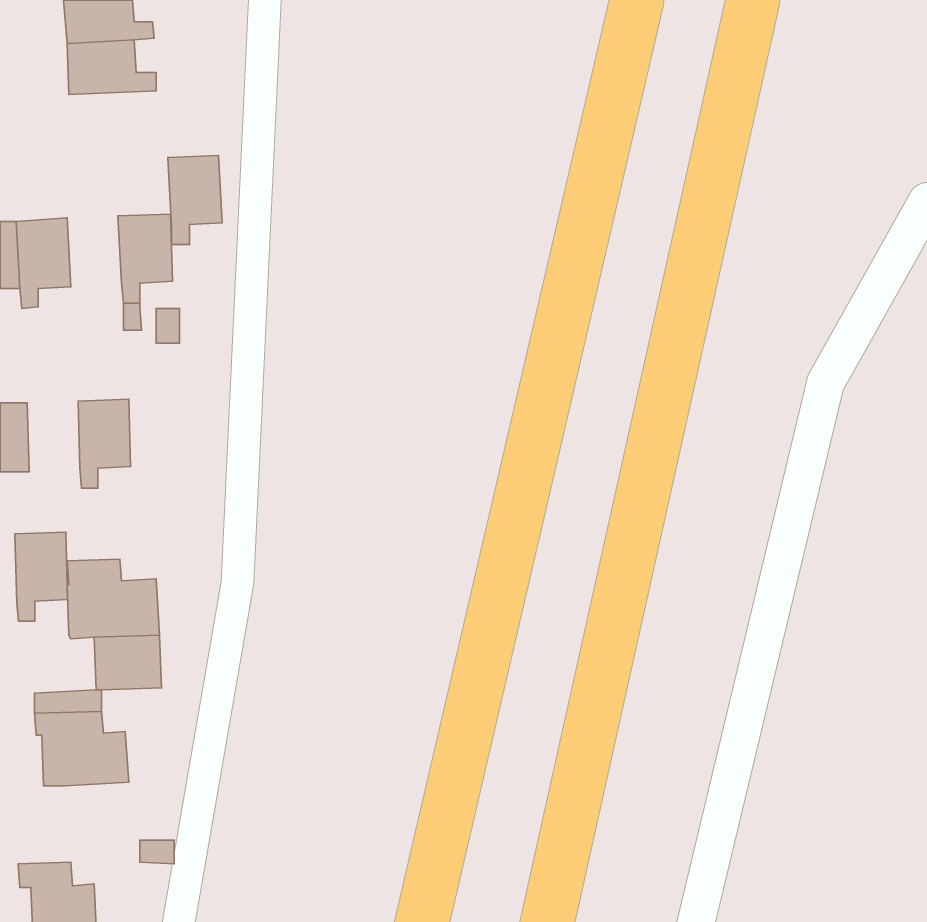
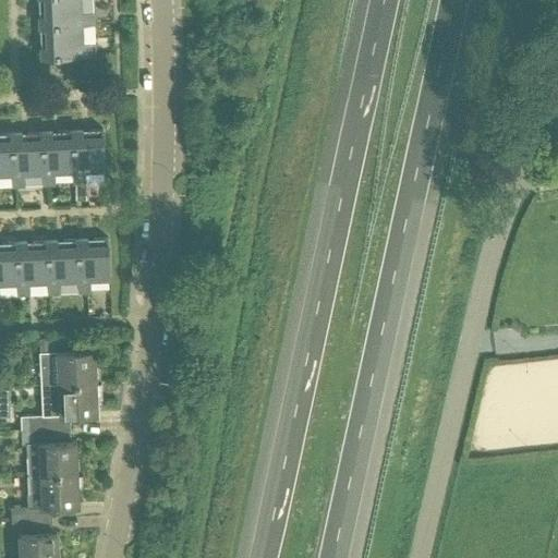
building: [168,156,222,245] -> [40,133,73,186]
building: none -> [77,242,110,295]
building: [15,532,68,621] -> [16,244,48,298]
building: none -> [11,473,78,522]

